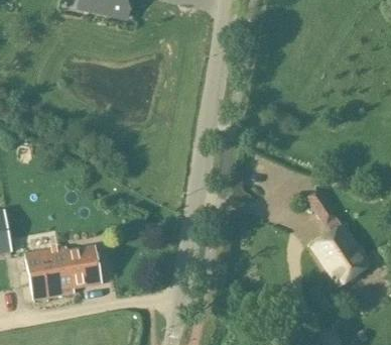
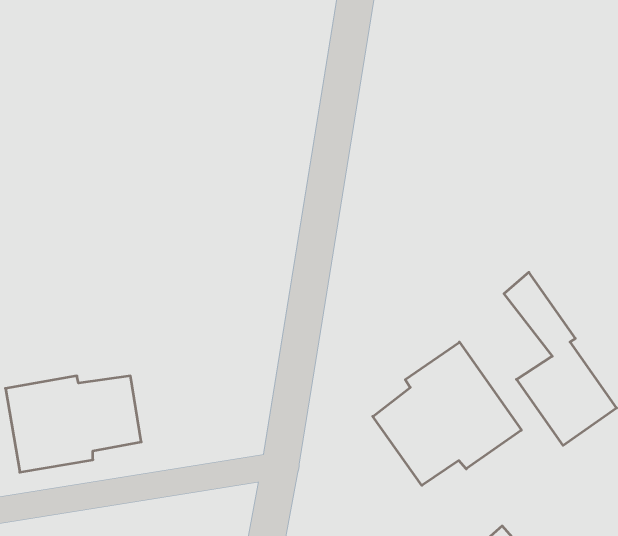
building: none -> [373,342,521,485]

